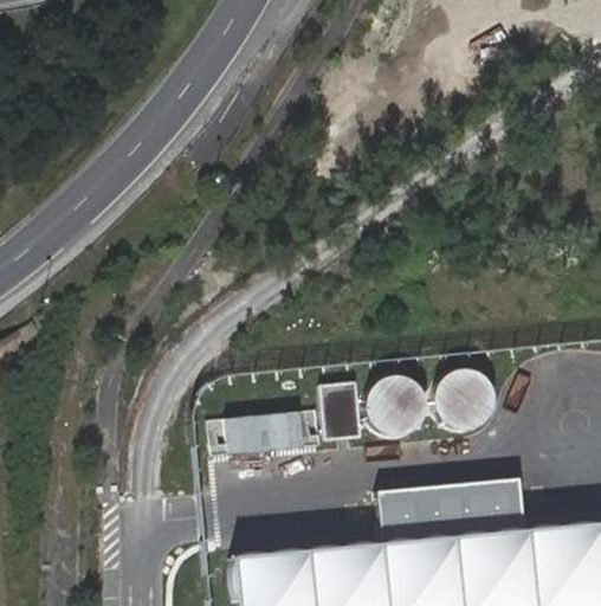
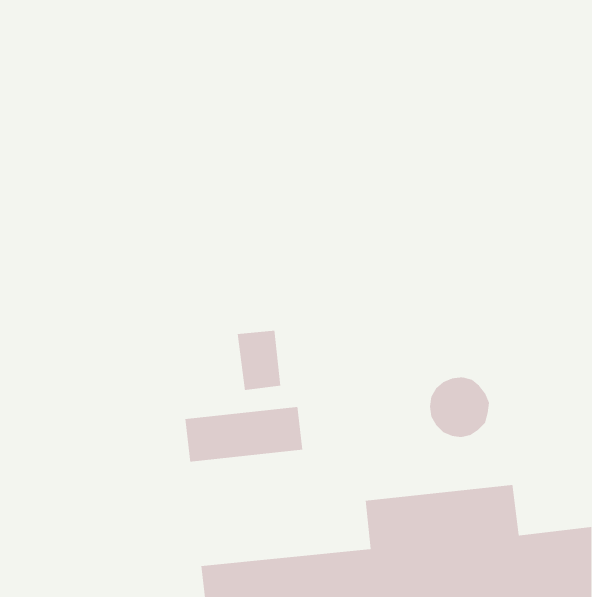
building: [319,382,362,440] -> [237,330,281,391]
building: [373,385,431,443] -> none

